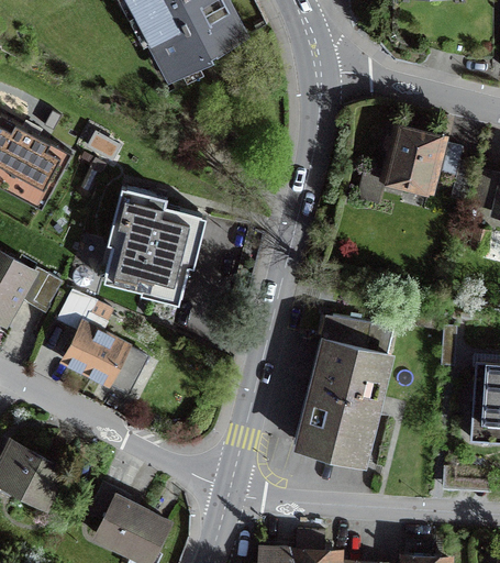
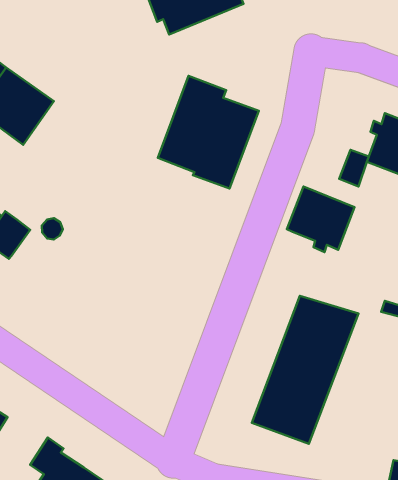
building: [105,190,199,296] -> [158,76,259,188]
building: none -> [287,187,354,252]
building: [58,292,146,395] -> none

